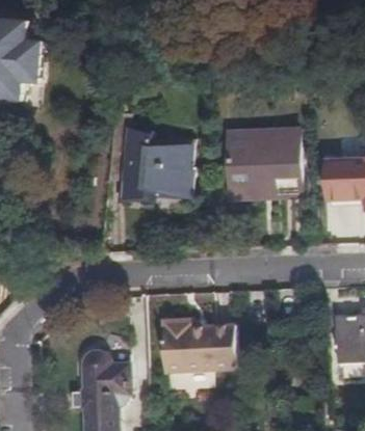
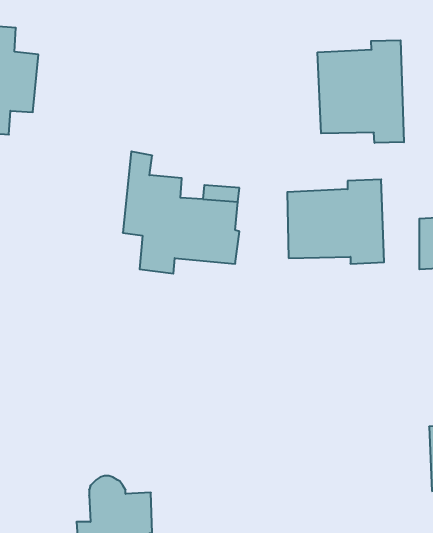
building: none -> [318,40,404,143]
building: [161,318,237,371] -> none

